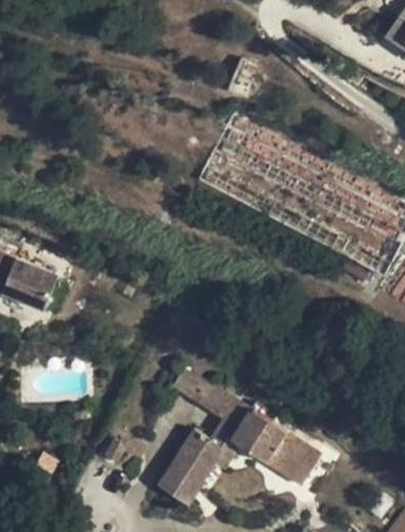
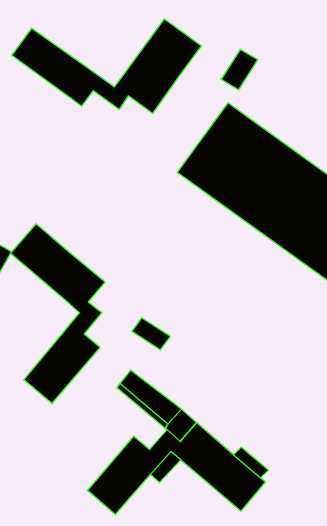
building: none -> [12,19,201,114]
building: none -> [10,224,105,404]

